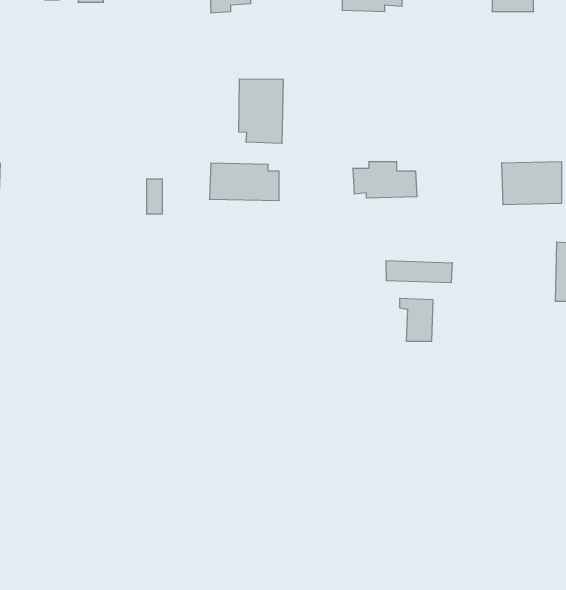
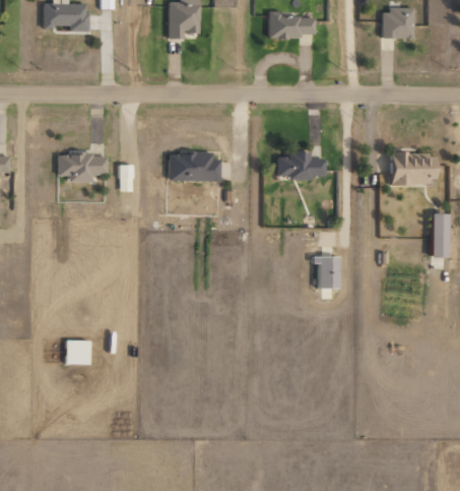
building: [239,79,283,144] -> none
building: none -> [59,154,108,183]
building: [386,261,452,283] -> none
building: none -> [66,341,90,365]

